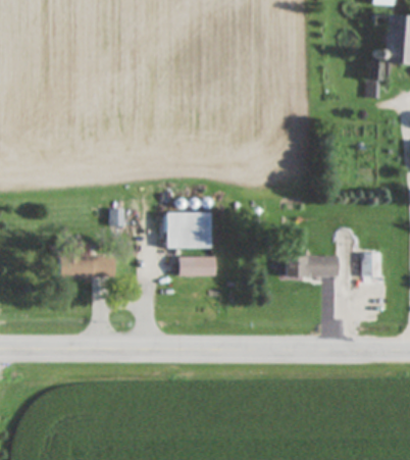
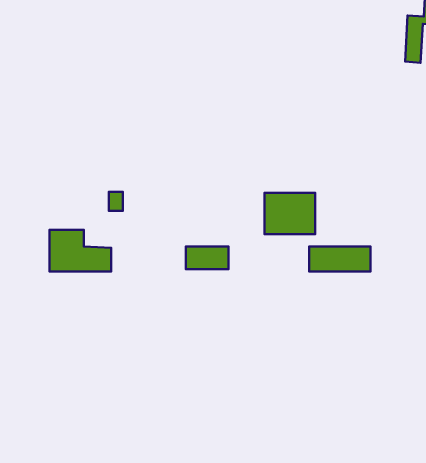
building: [167,212,211,248] -> [264,193,315,234]
building: [361,253,380,277] -> none

